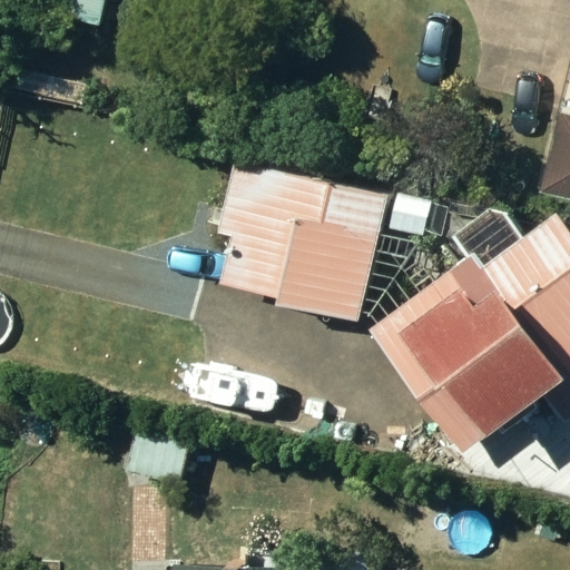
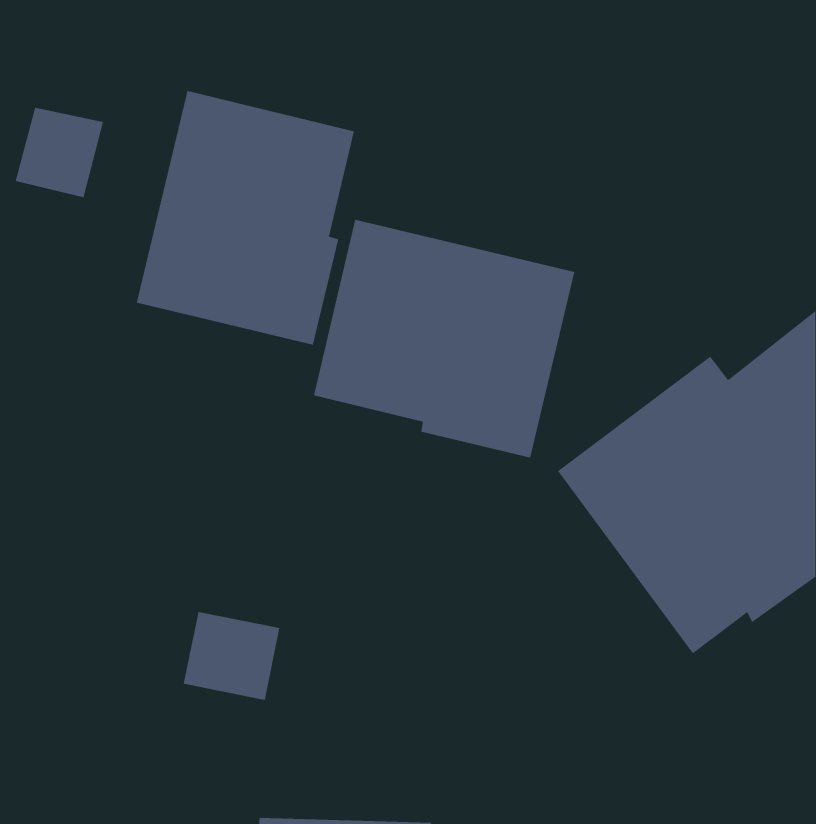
building: none -> [136,90,354,346]

